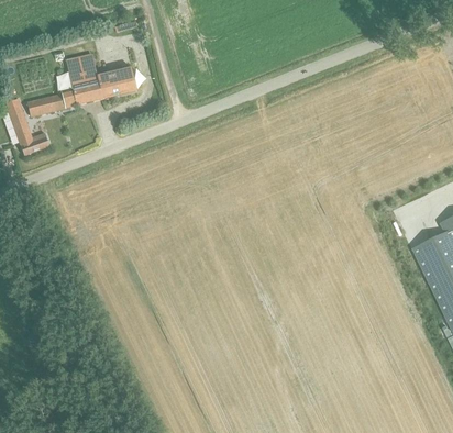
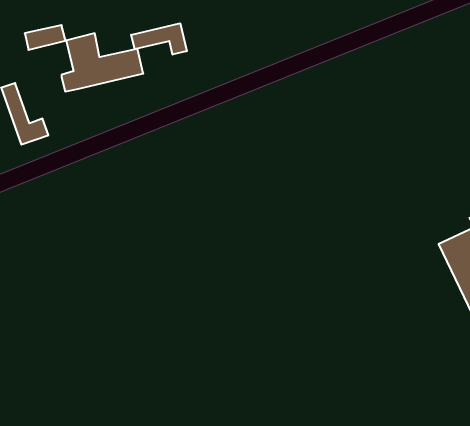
building: none -> [131,23,187,55]
building: [27,92,66,115] -> [25,25,66,50]

